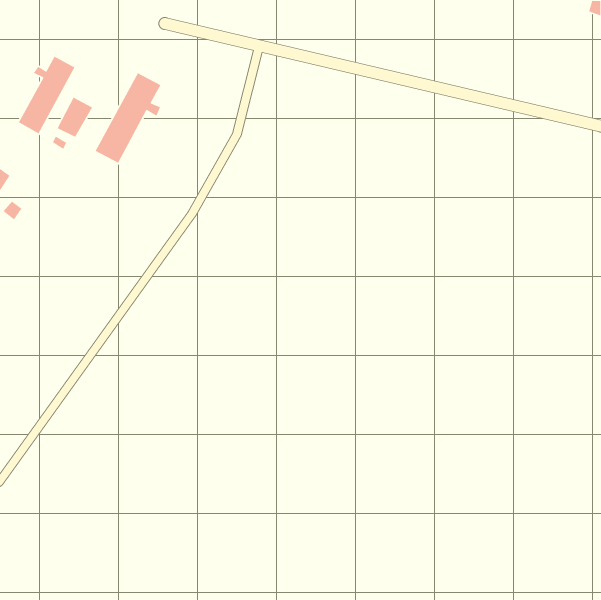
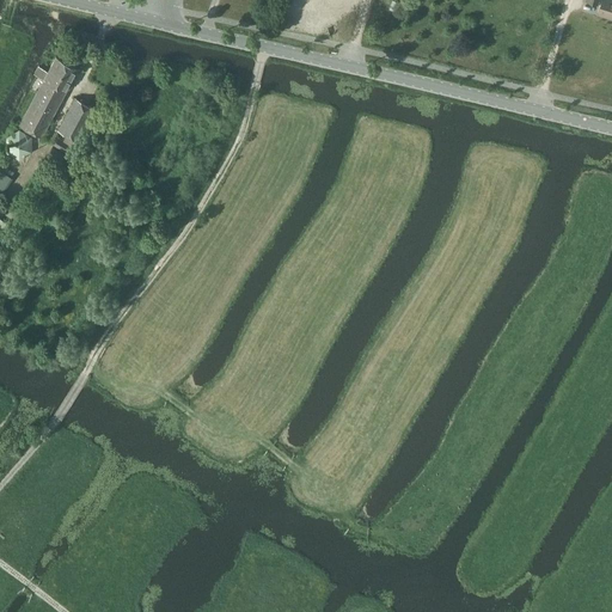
building: [95,72,161,164] -> none

